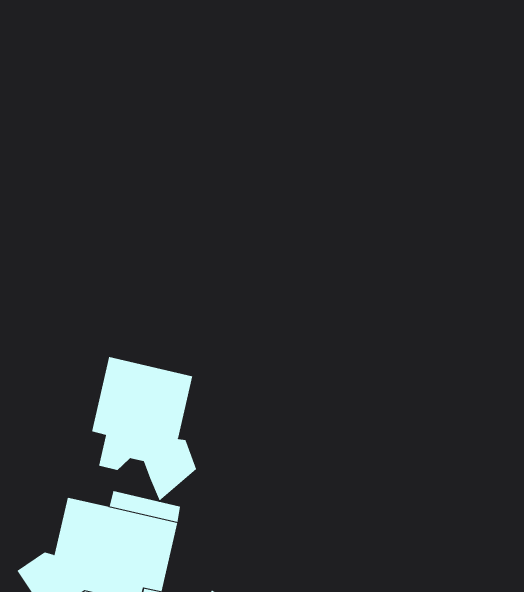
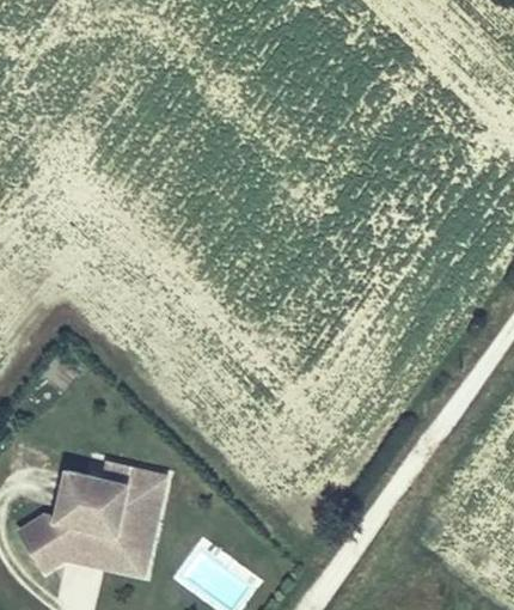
building: [91,356,197,501] -> none

